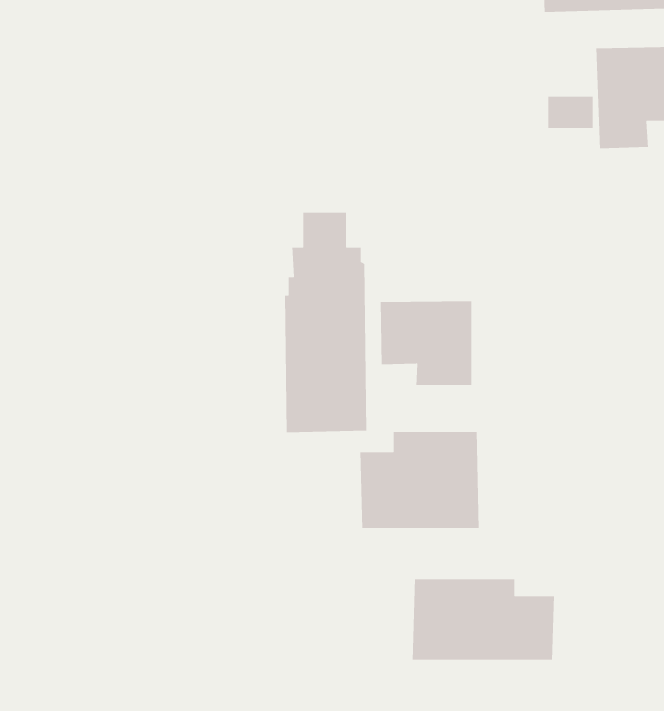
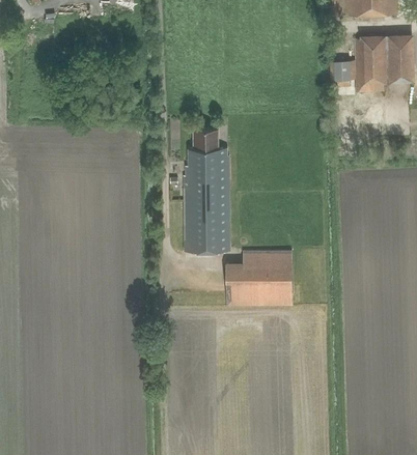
building: [380,300,472,386] -> none
building: [412,579,555,661] -> none

